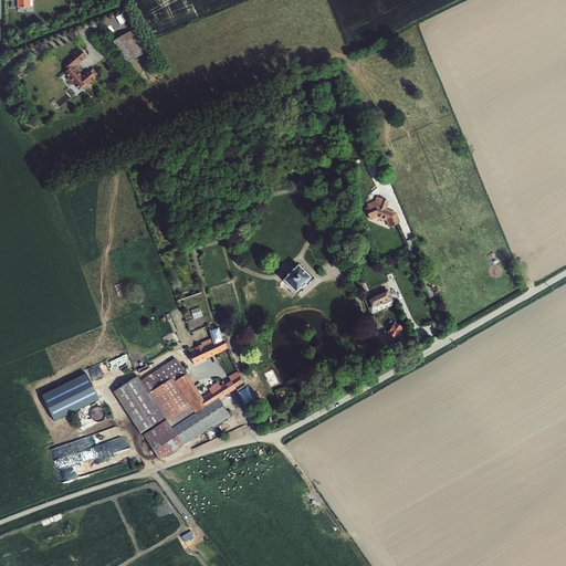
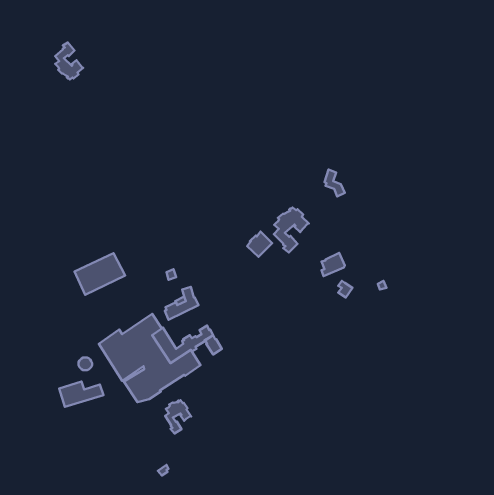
building: [112,30,145,63] -> none
building: none -> [274,208,309,252]
building: [41,374,98,421] -> [75,253,125,295]
building: none -> [165,400,191,433]

